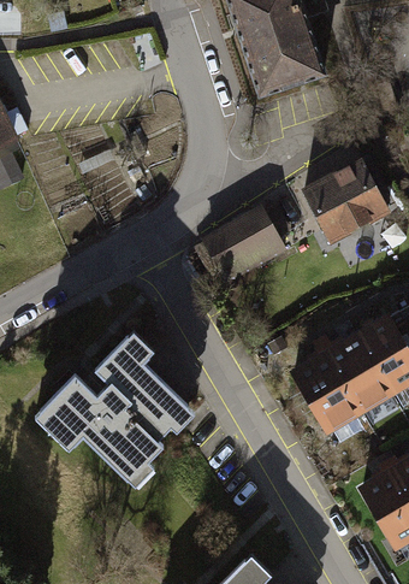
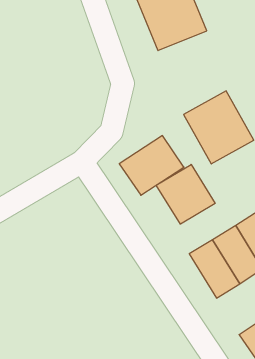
building: none -> [156,164,215,224]
building: [30,340,194,499] -> none

